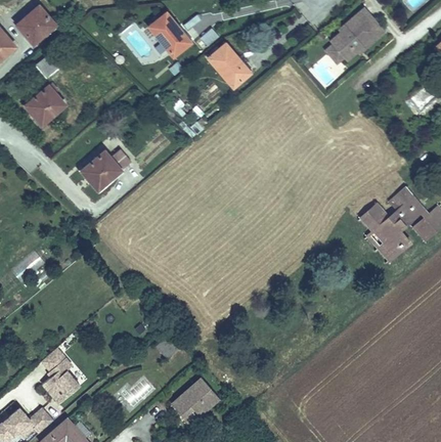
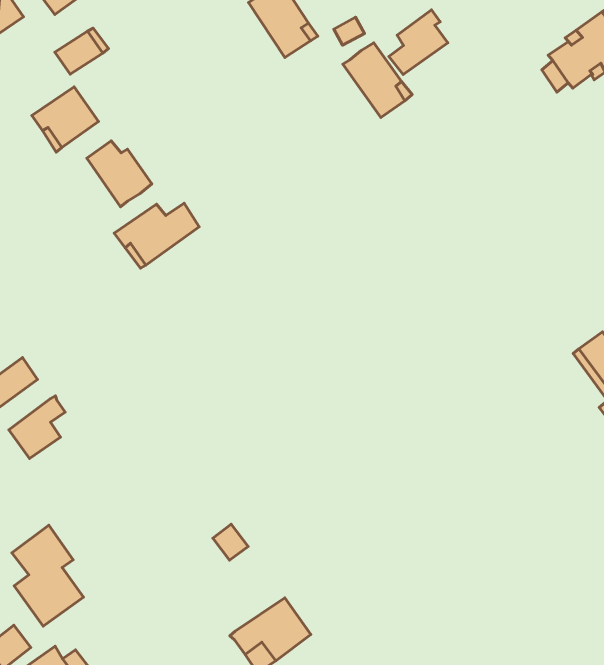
building: none -> [389,10,448,75]
building: none -> [87,141,152,207]
building: none -> [9,396,65,459]

